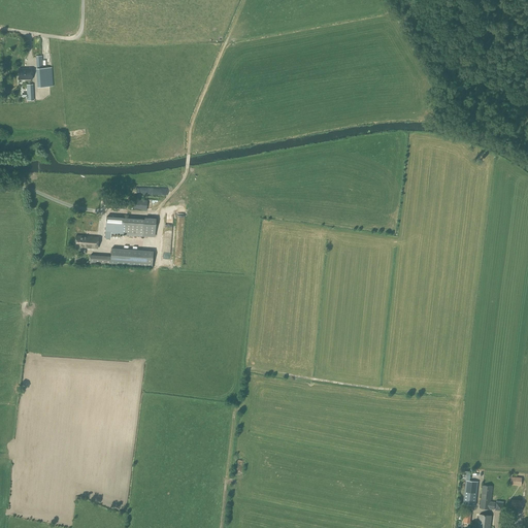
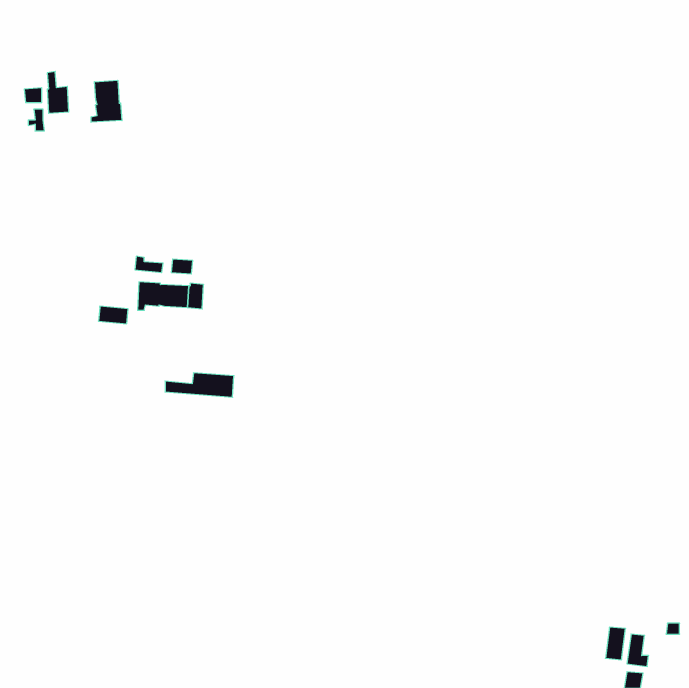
building: none -> [91,80,122,122]
building: [90,248,142,266] -> [165,373,234,397]

